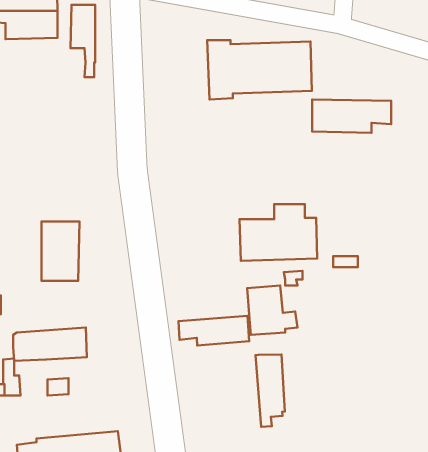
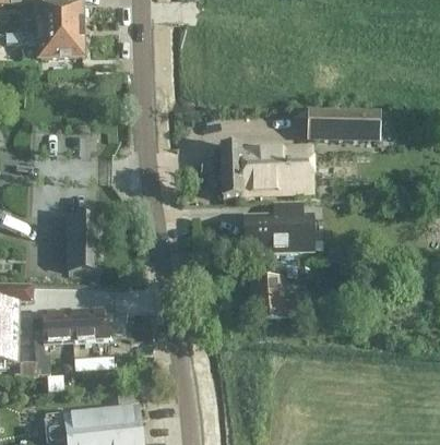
building: [70,5,95,77] -> none
building: [207,40,312,100] -> [221,144,313,196]
building: [178,316,249,346] -> none
building: [255,354,285,427] -> none

